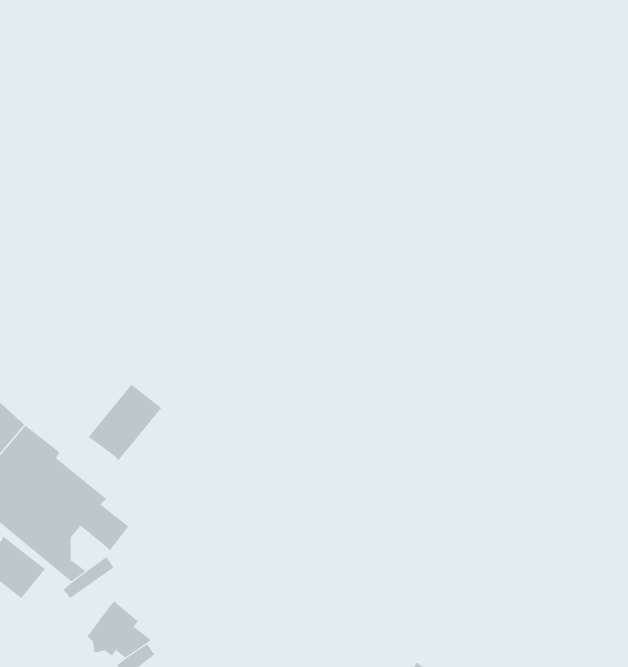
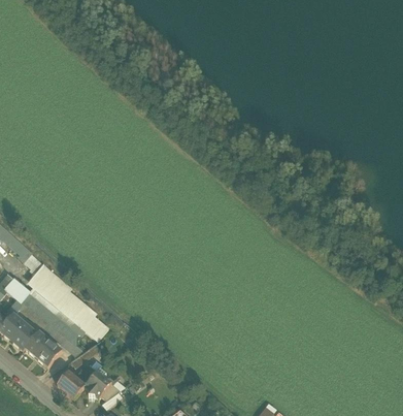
building: [88,384,162,461] -> none
building: none -> [56,364,96,399]

